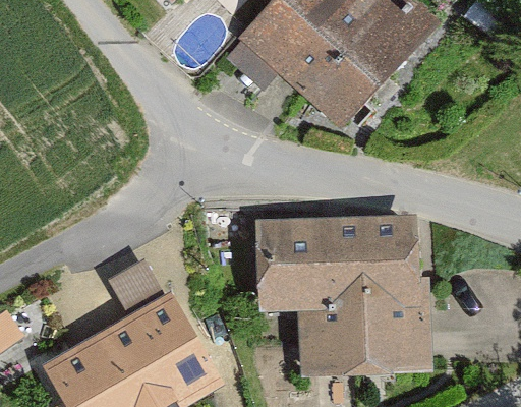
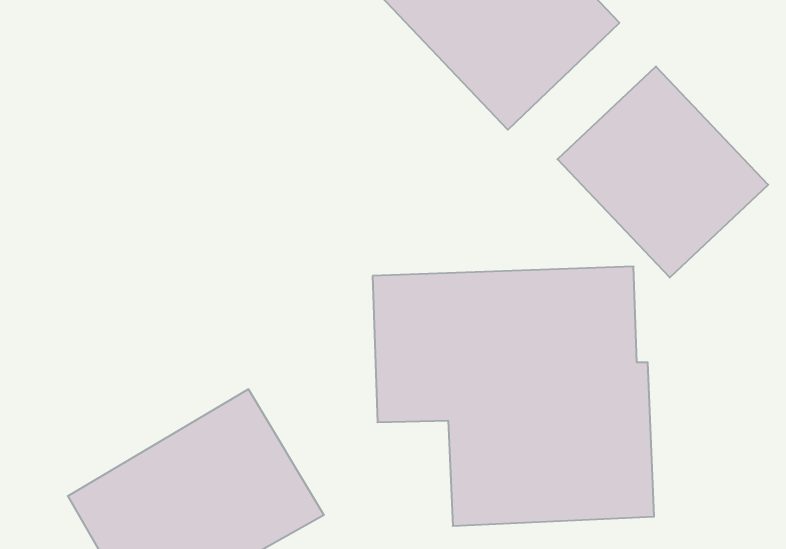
building: none -> [557,66,768,278]

